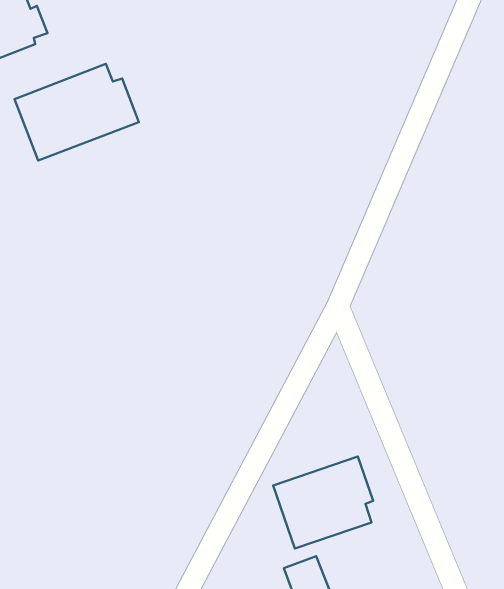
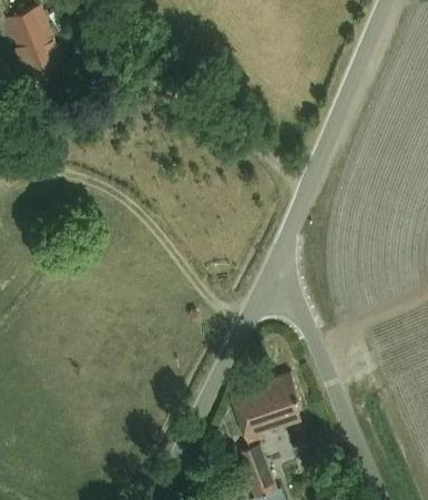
building: [14,64,139,161] -> none

